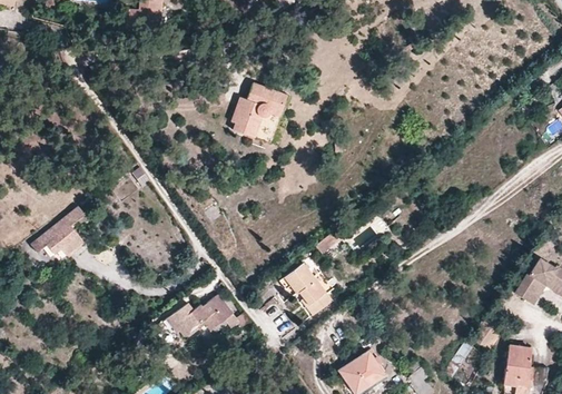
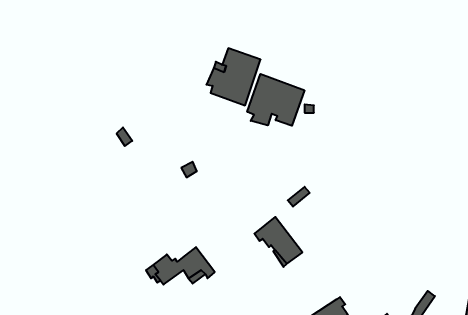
building: none -> [247,74,304,126]
building: [31,205,86,257] -> none

